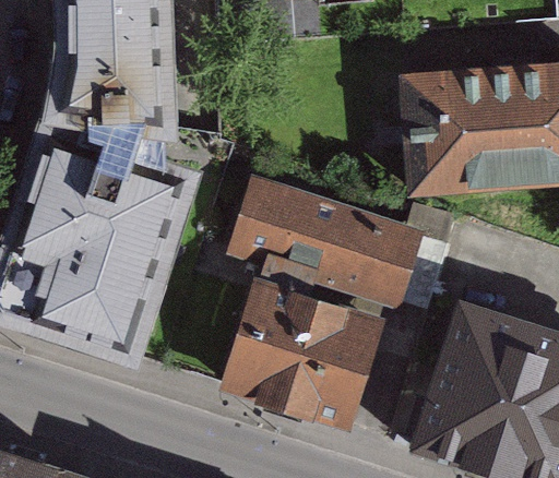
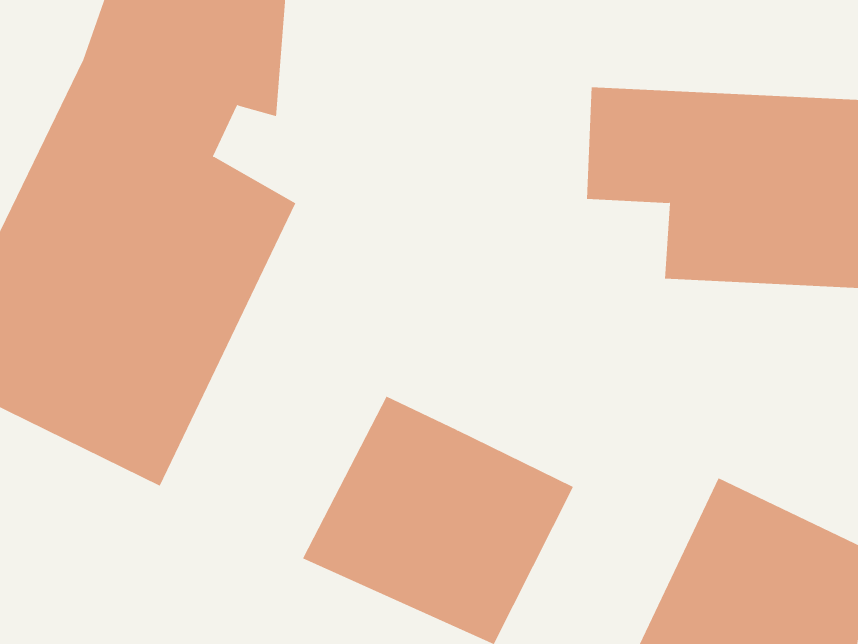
building: [236,178,444,303] -> none

